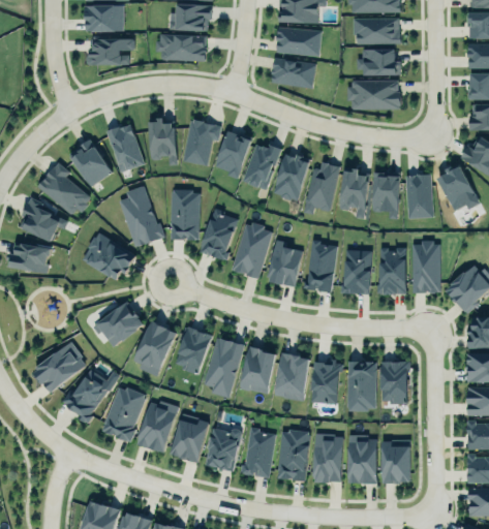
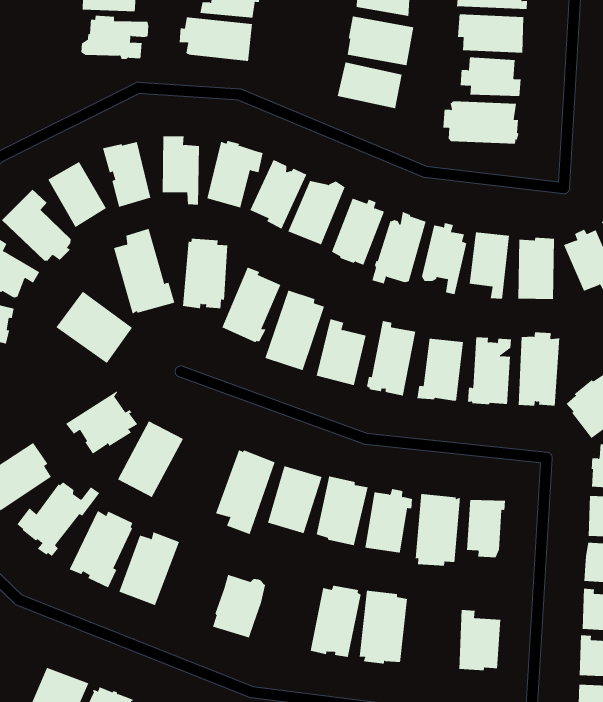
building: [174,326,212,375] -> none
building: [172,419,209,463] -> none
building: [240,427,275,477] -> none
building: [348,435,377,484] -> none

